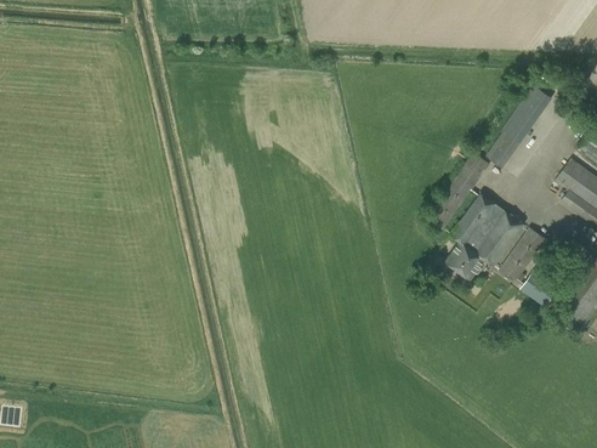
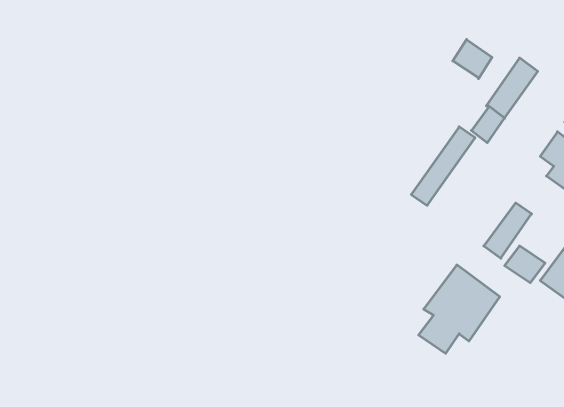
building: none -> [453,39,492,79]
building: [444,192,524,279] -> [419,265,500,353]

